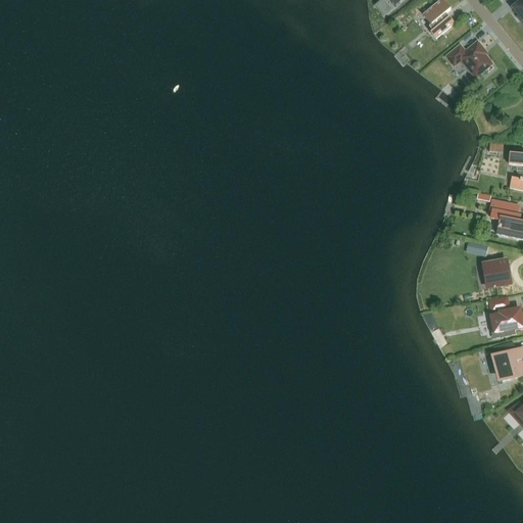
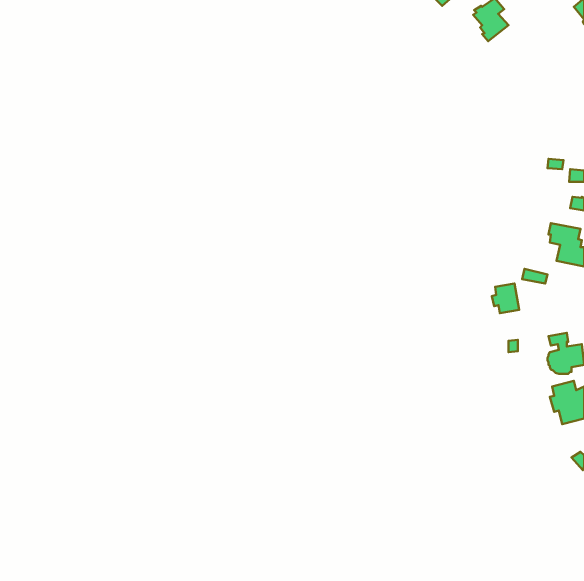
building: [446,41,491,74] -> none
building: [486,258,511,285] -> [492,283,519,313]

